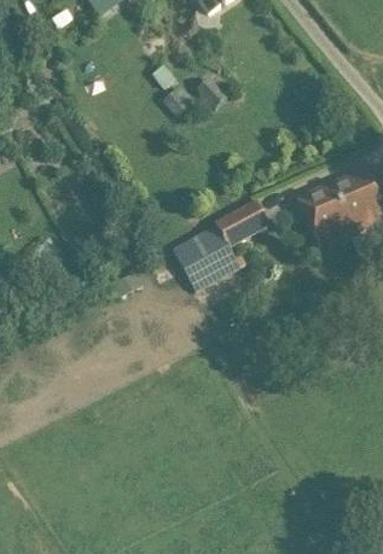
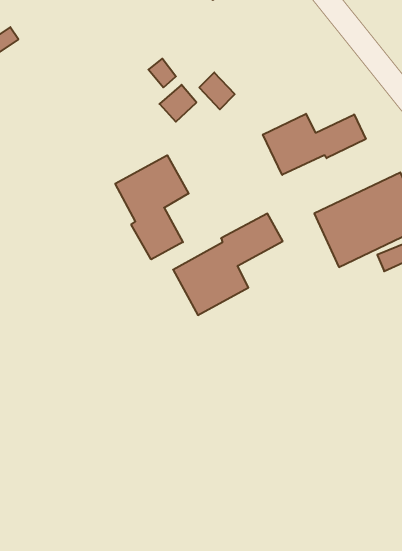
building: none -> [263,114,366,175]
building: none -> [115,155,189,259]

